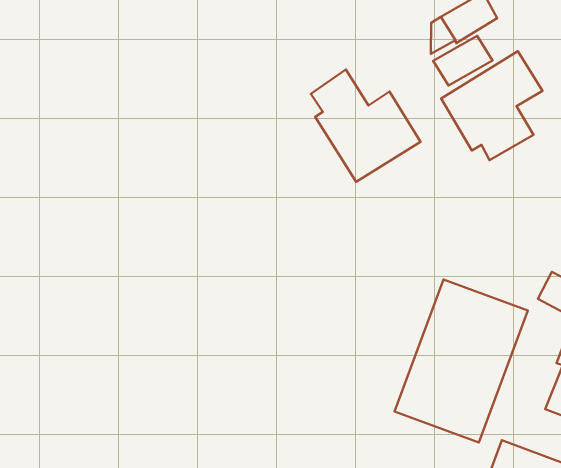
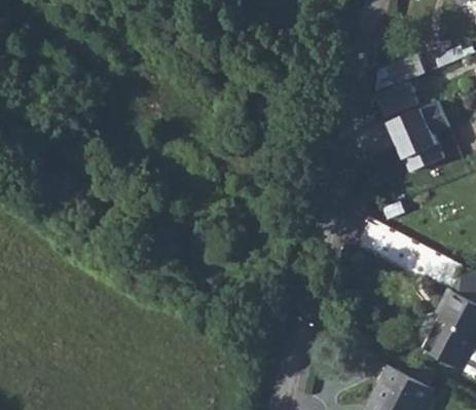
building: [311,70,421,182] -> none
building: [395,280,528,442] -> none

